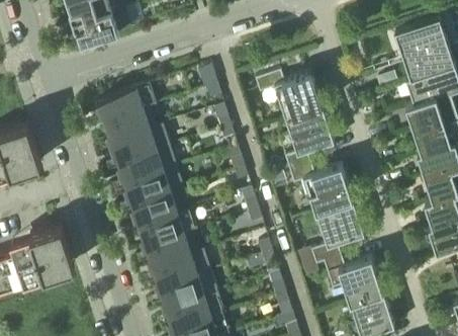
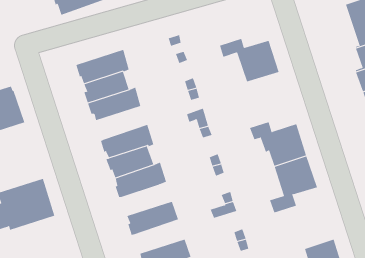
building: [284,110,334,172] -> none
building: [116,148,176,185] -> none
building: [147,235,196,270] -> none
building: [323,258,382,306] -> none
building: [160,273,217,312] -> none

